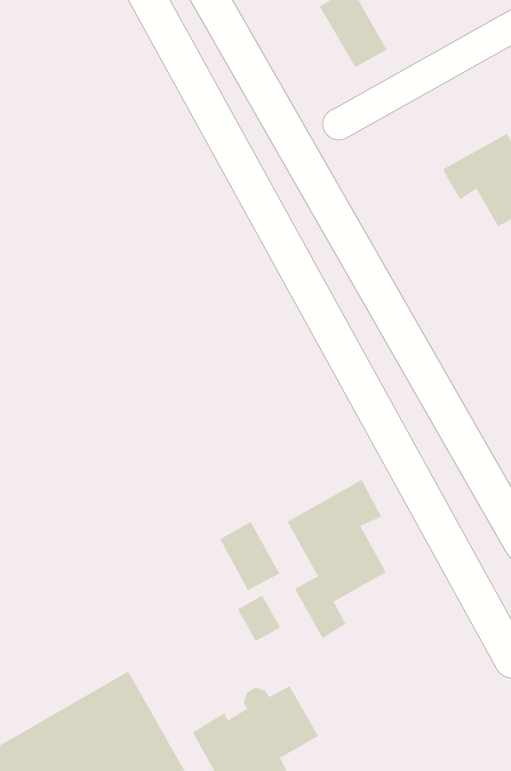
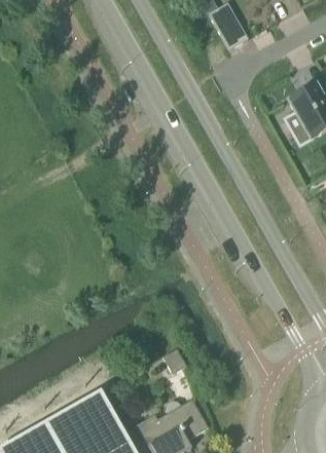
building: [287,479,387,639] -> none
building: [220,521,280,591] -> none

